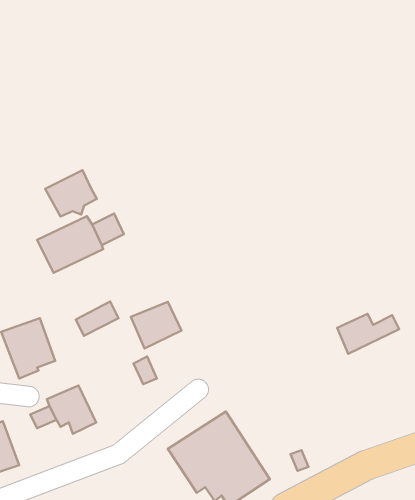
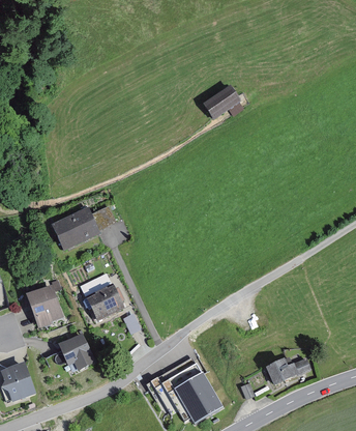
building: none -> [210,85,245,115]
building: [45,170,97,217] -> none
building: [131,302,182,349] -> [85,285,123,320]
building: [337,314,399,354] -> [264,357,310,387]

